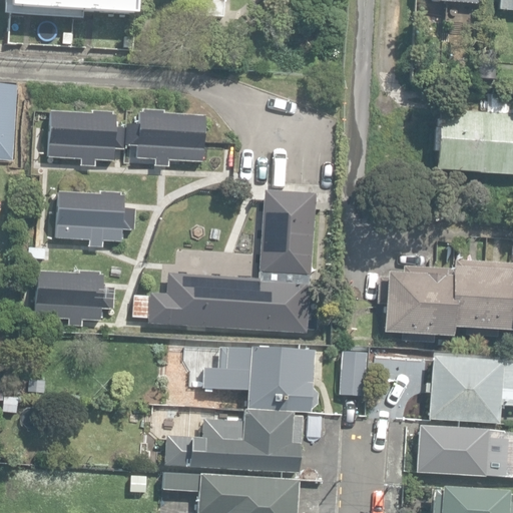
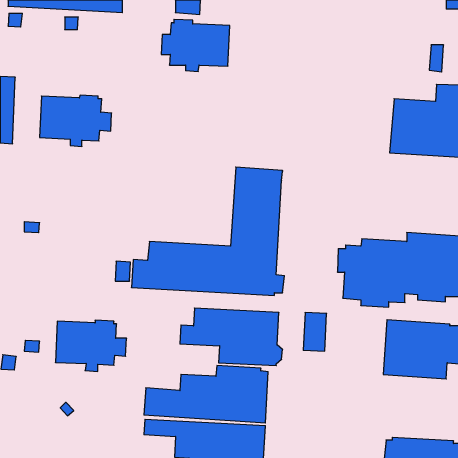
building: [128,108,204,166] -> [161,19,230,71]
building: [57,192,136,249] -> none
building: [36,272,115,329] -> [55,320,127,371]
building: [416,426,508,479] -> none

